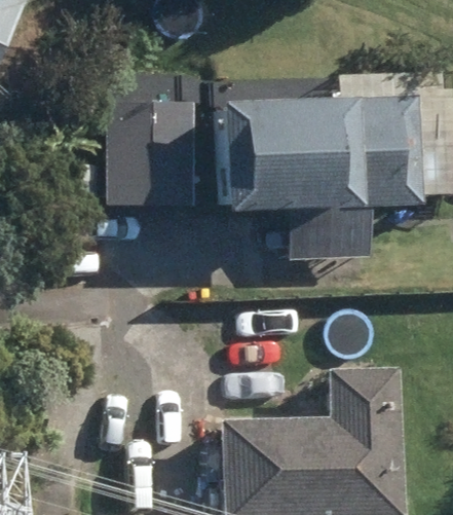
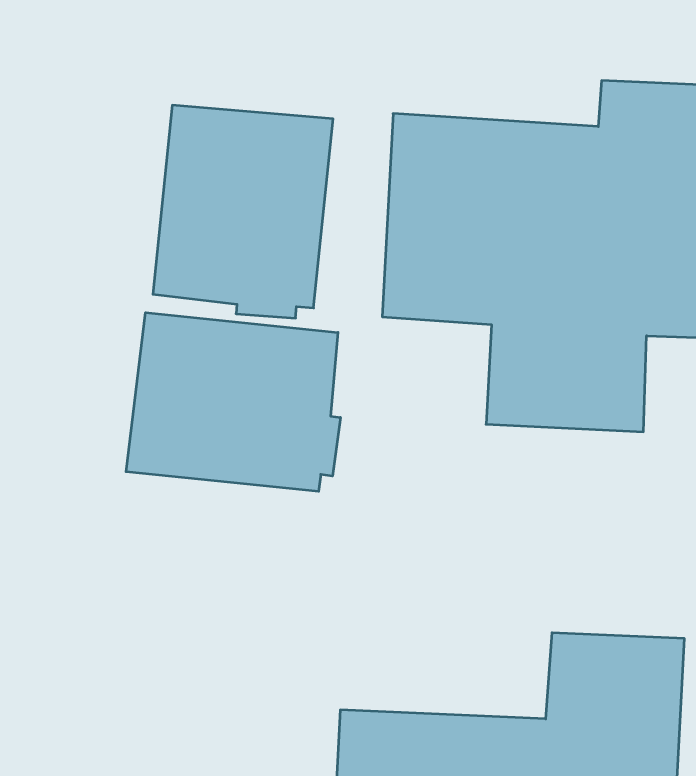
building: none -> [126,313,340,491]

